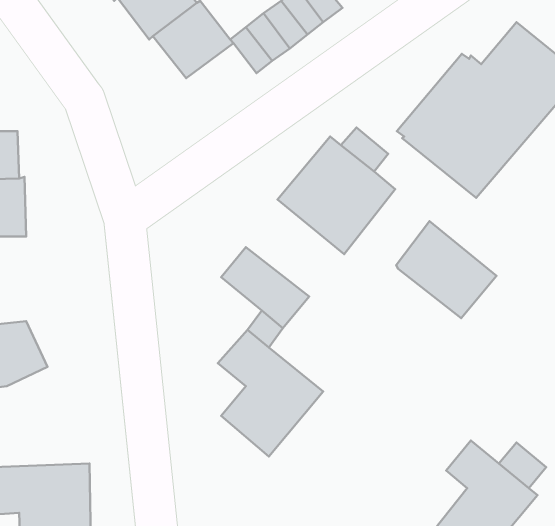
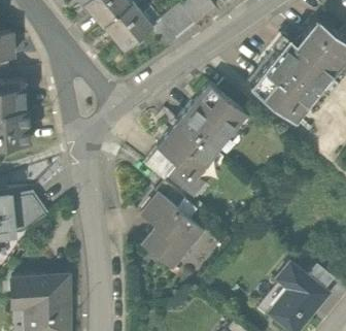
building: [396,221,496,318] -> [158,122,216,178]

